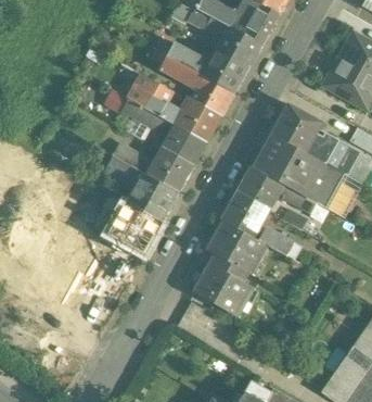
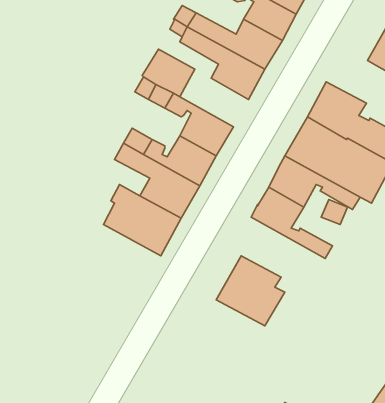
building: [161,100,220,142] -> none
building: [206,221,265,273] -> none

